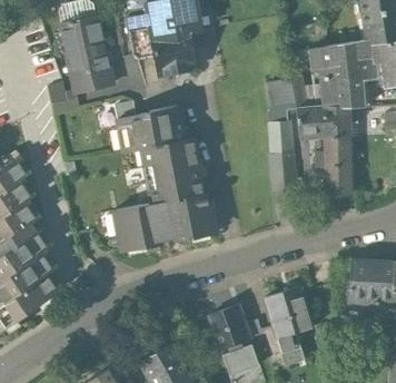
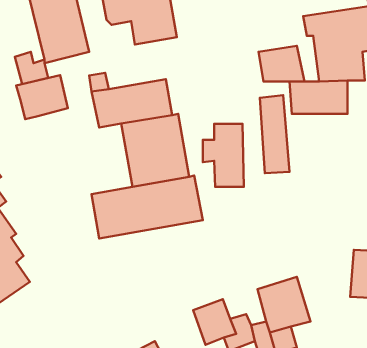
building: none -> [16,75,68,119]
building: [313,138,349,195] -> [203,124,244,187]

